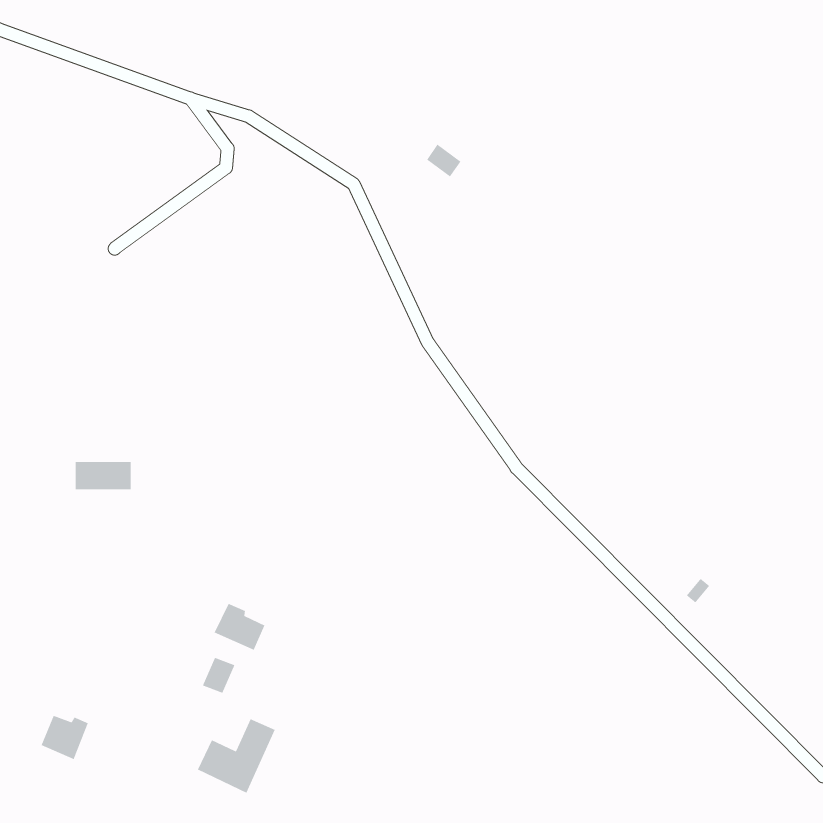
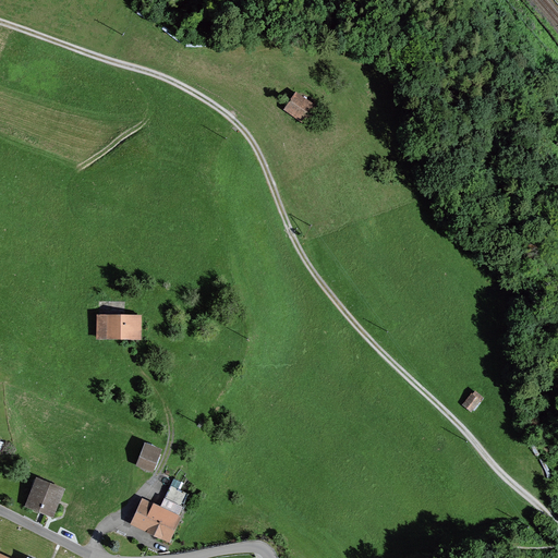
building: [75,461,131,490] -> [98,317,136,337]
building: [213,603,266,651] -> none

